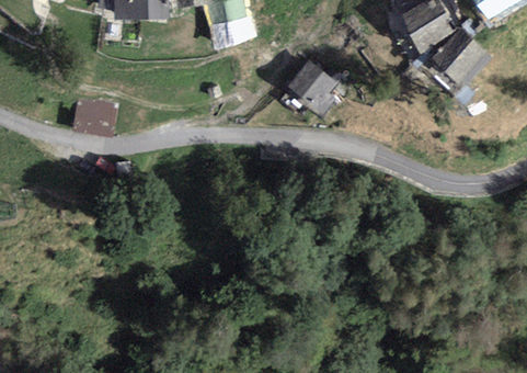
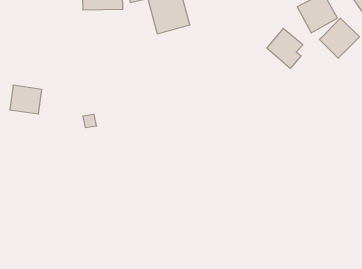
building: [287,60,335,114] -> [267,28,303,68]
building: [72,98,115,136] -> [10,85,42,114]

